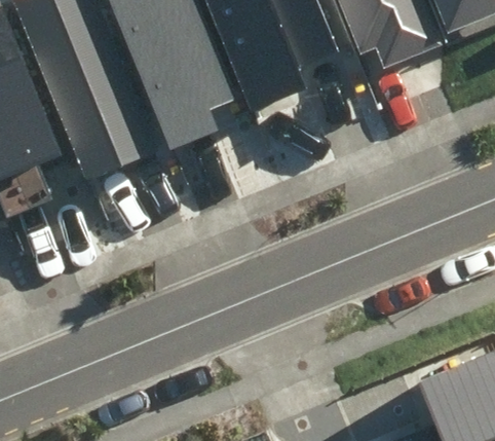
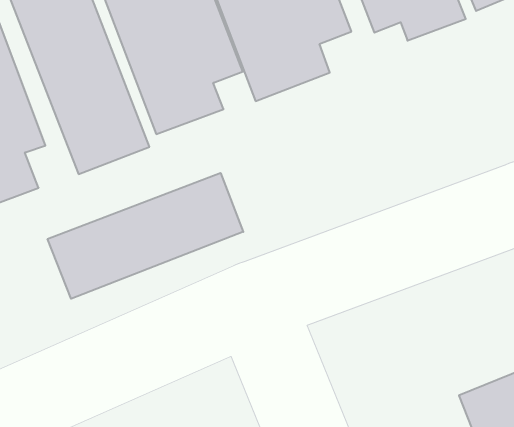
building: none -> [48,173,243,299]

